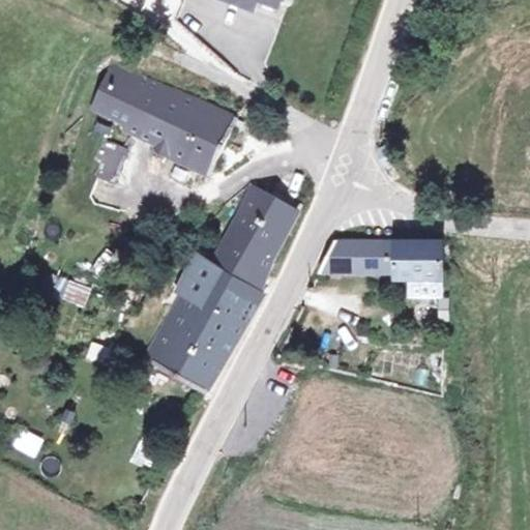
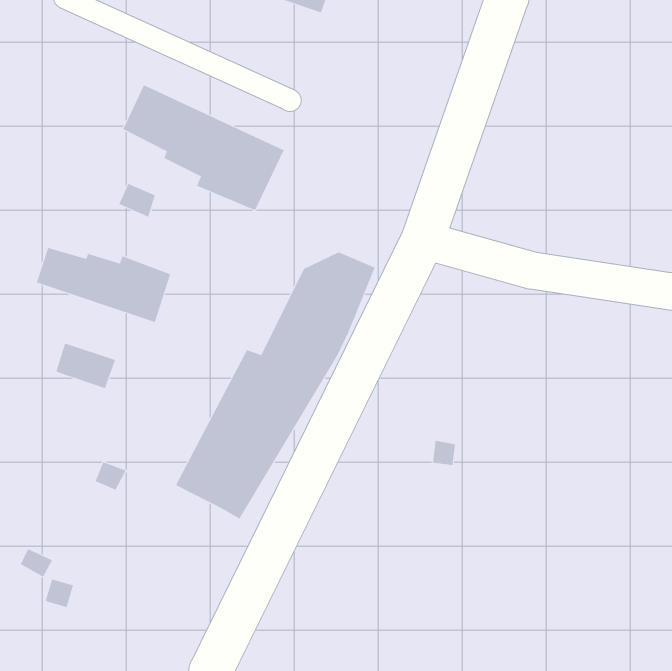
building: none -> [36,247,171,323]
building: [328,237,440,283] -> none

